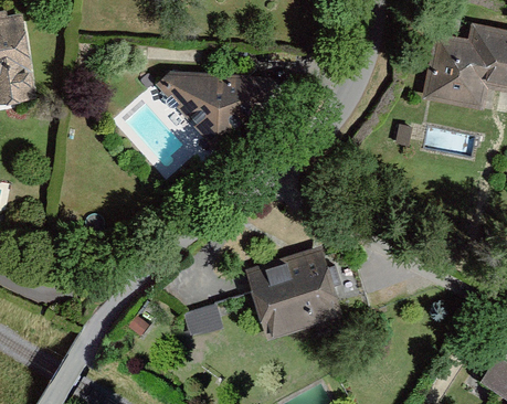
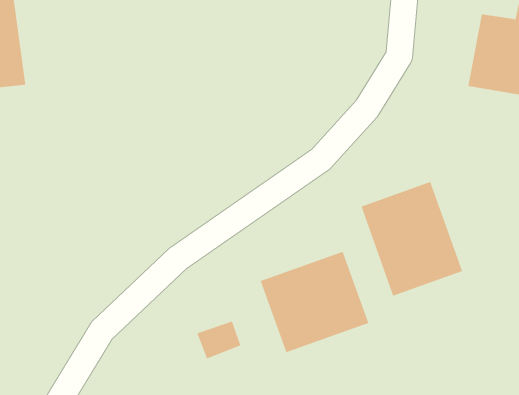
building: [154,71,273,149] -> none
building: none -> [361,181,463,296]

